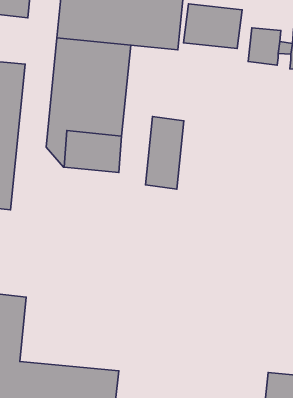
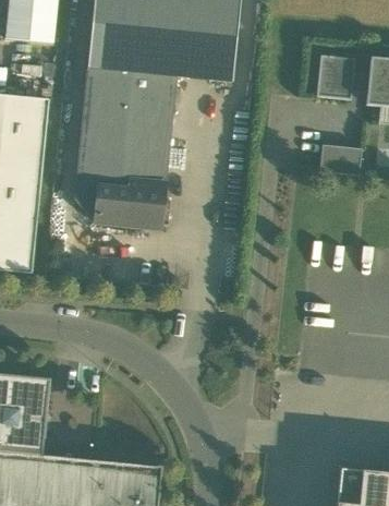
building: [184,4,242,49] -> none
building: none -> [318,144,361,176]
building: [146,116,184,189] -> none

